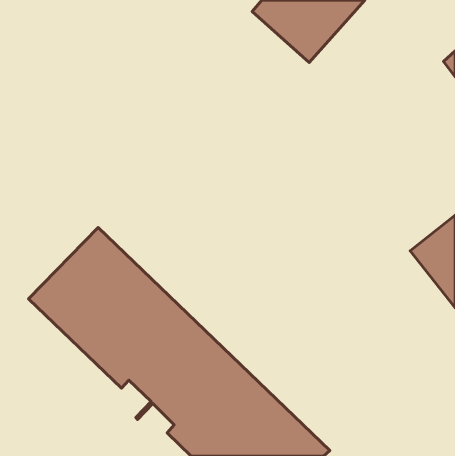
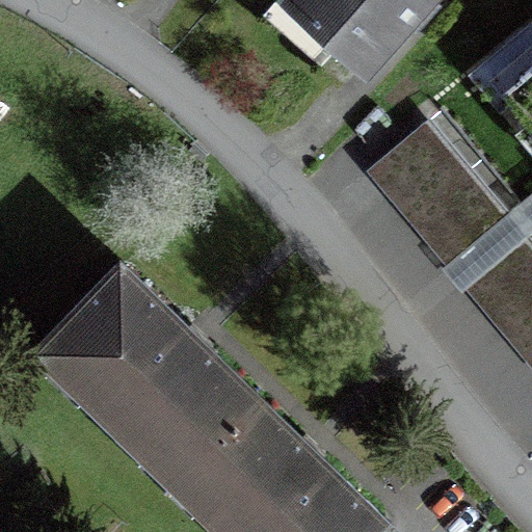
building: none -> [375,127,504,262]

